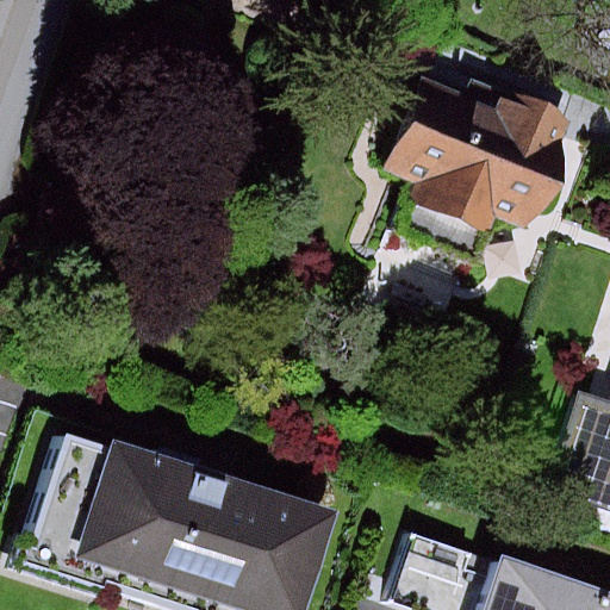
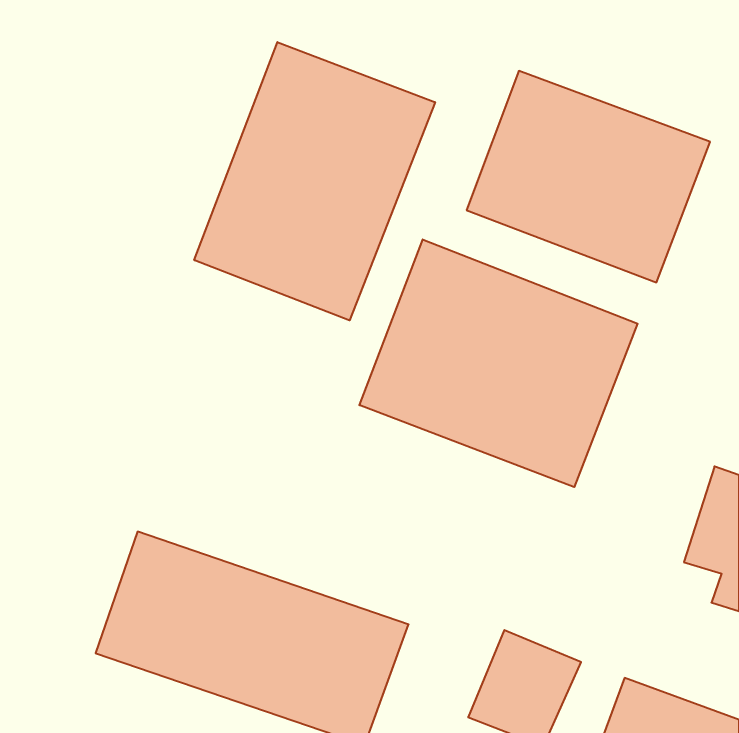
building: none -> [194,42,435,320]
building: none -> [359,239,638,487]

